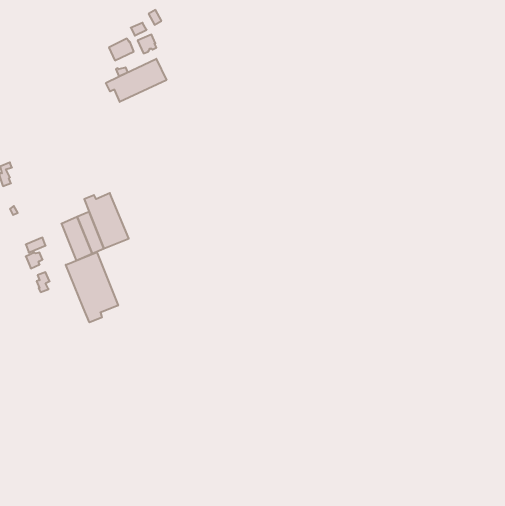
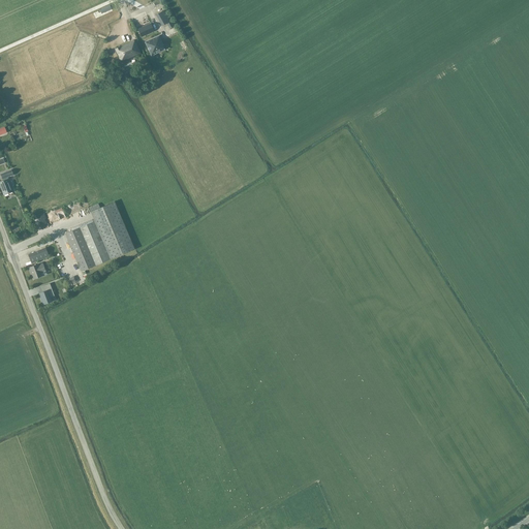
building: [106,59,166,102] -> none
building: [66,252,118,322] -> none

